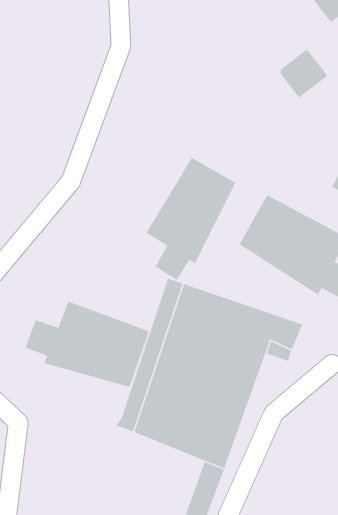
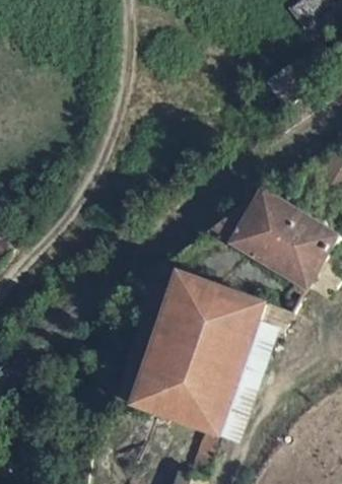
building: [146,157,237,281] -> none
building: [24,300,150,388] -> none

